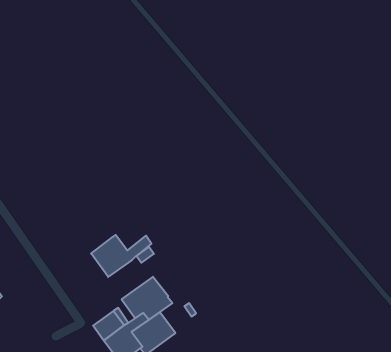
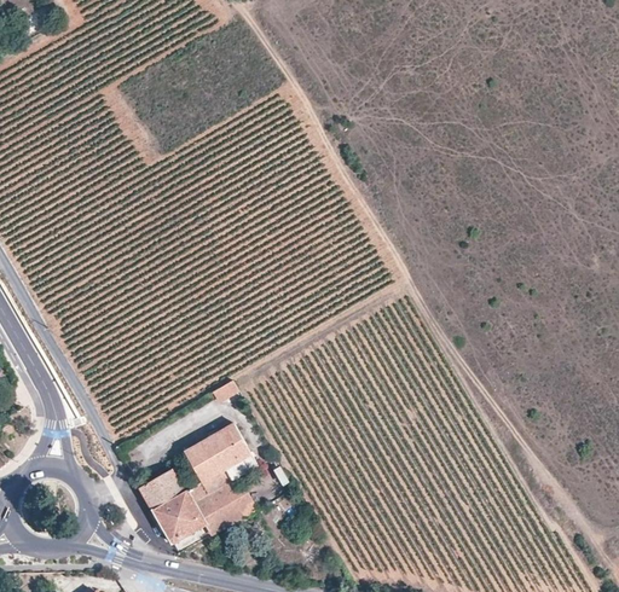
building: [91,235,151,277] -> none

